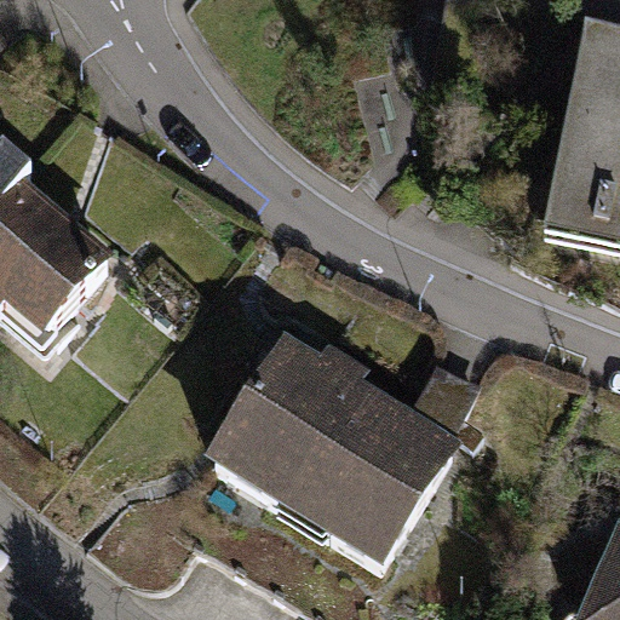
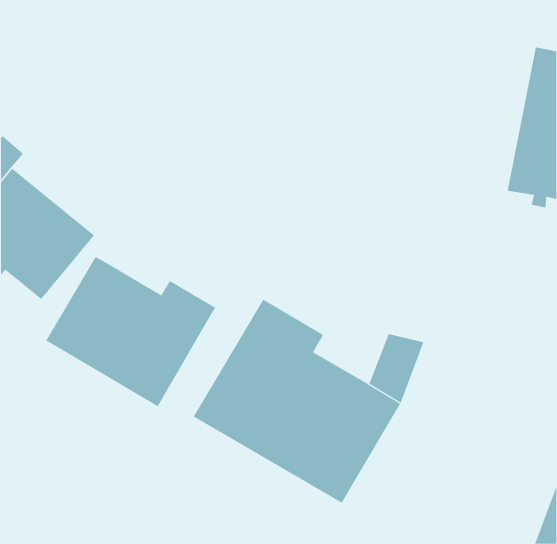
building: none -> [46,256,216,407]

